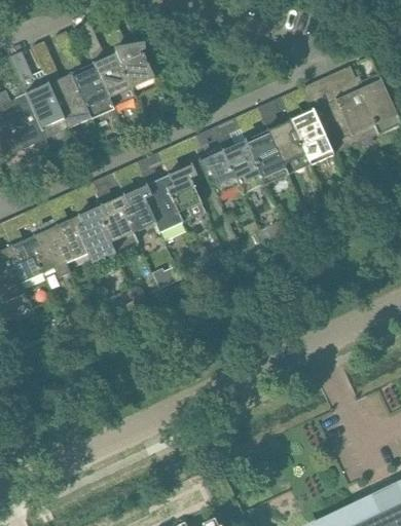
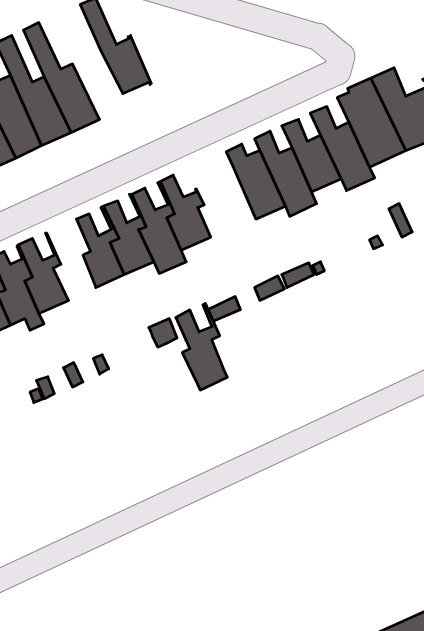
building: [78,23,139,109] -> none
building: [194,139,241,198] -> none
building: [74,188,115,257] -> [176,303,227,390]

